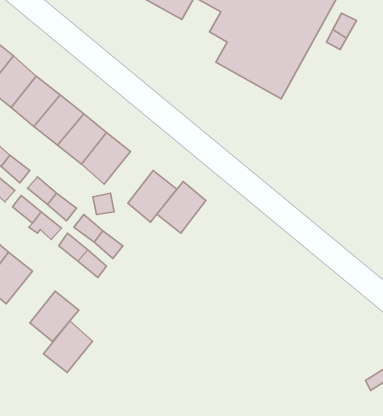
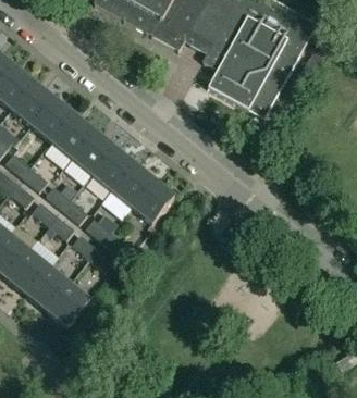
building: [157,181,206,233] -> [111,163,153,208]
building: [43,321,92,373] -> [26,266,69,311]

